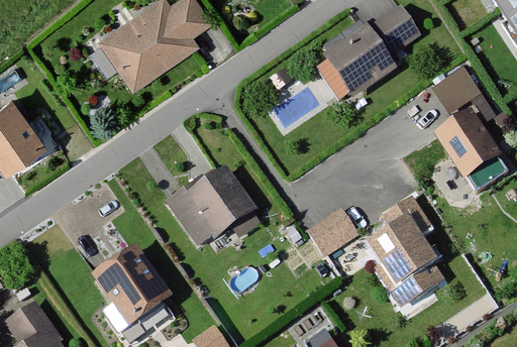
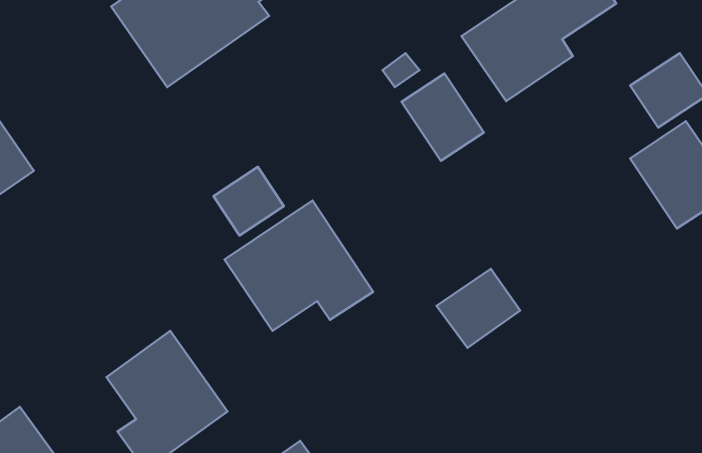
building: none -> [401,74,484,161]
building: none -> [213,167,284,236]
building: [366,197,447,312] -> none

